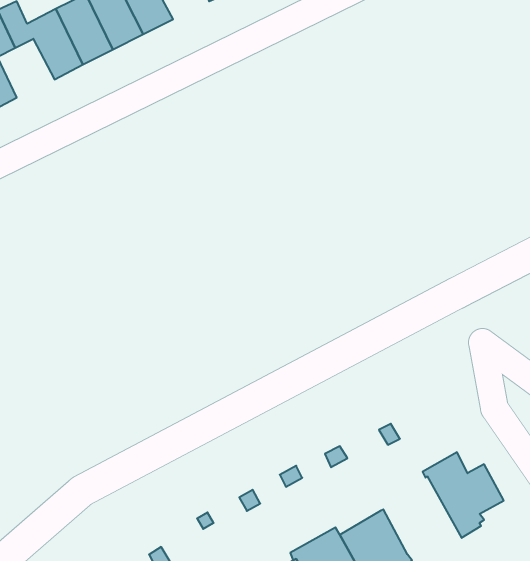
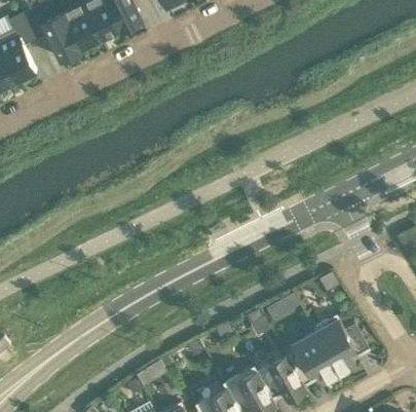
building: none -> [282,332,340,385]

